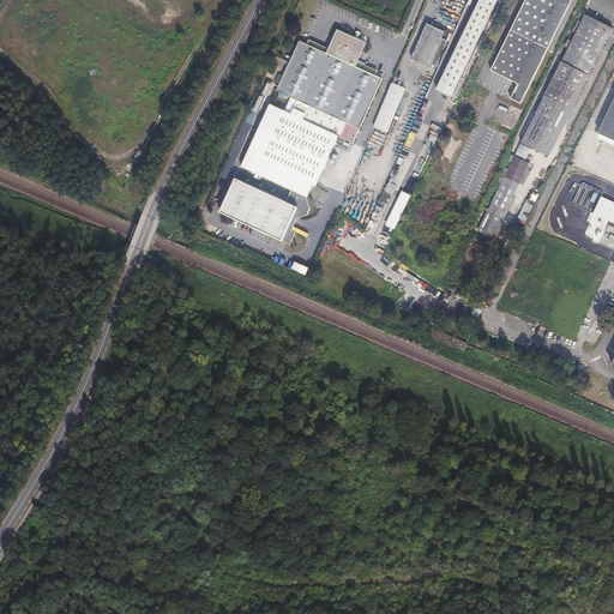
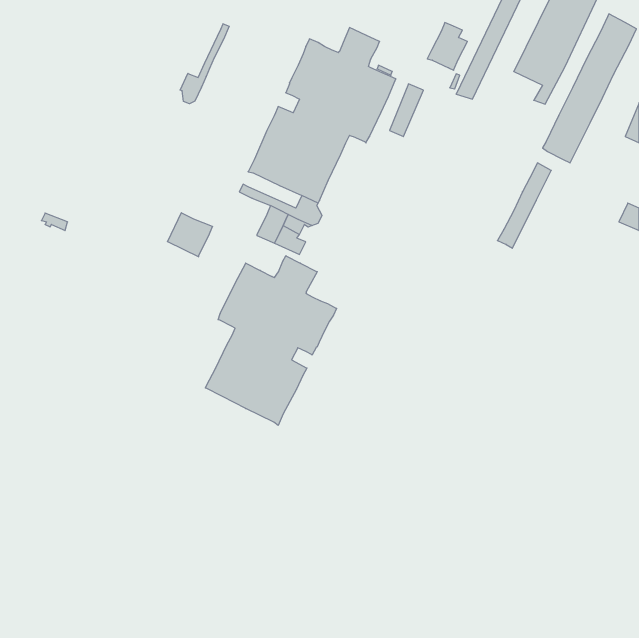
building: none -> [180,24,229,104]
building: [216,183,259,225] -> [167,213,213,257]
building: none -> [205,256,337,425]

